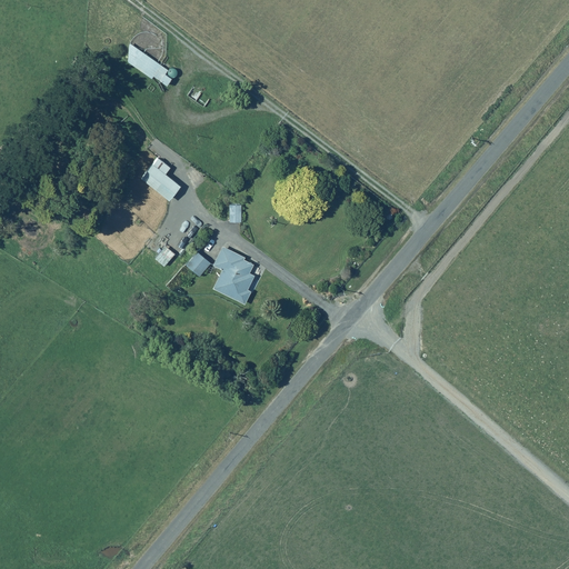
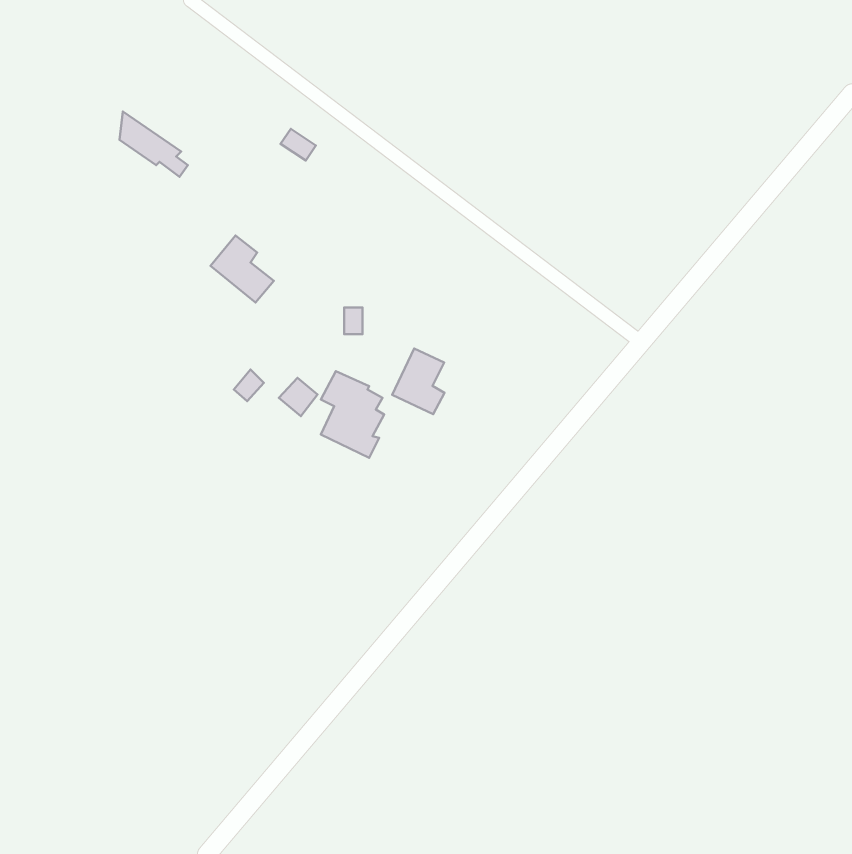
building: [128,43,173,87] -> [119,112,188,177]
building: none -> [392,349,445,414]

